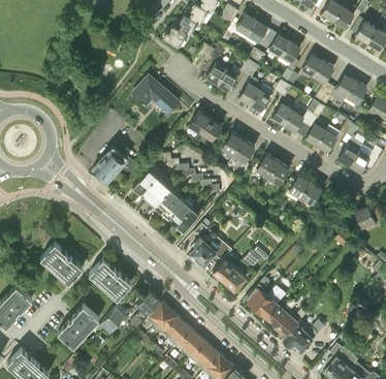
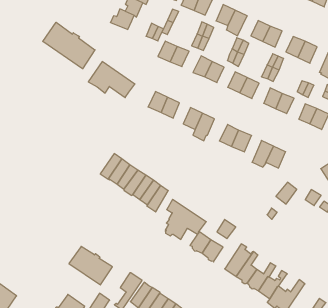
building: none -> [43,22,95,69]
building: [93,147,128,182] -> none
building: [40,243,83,284] -> none

